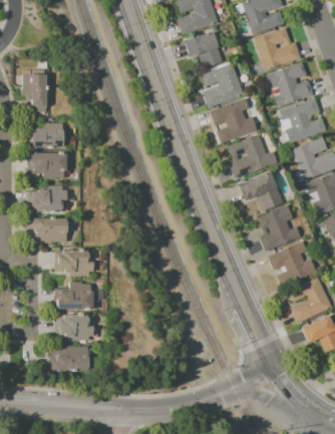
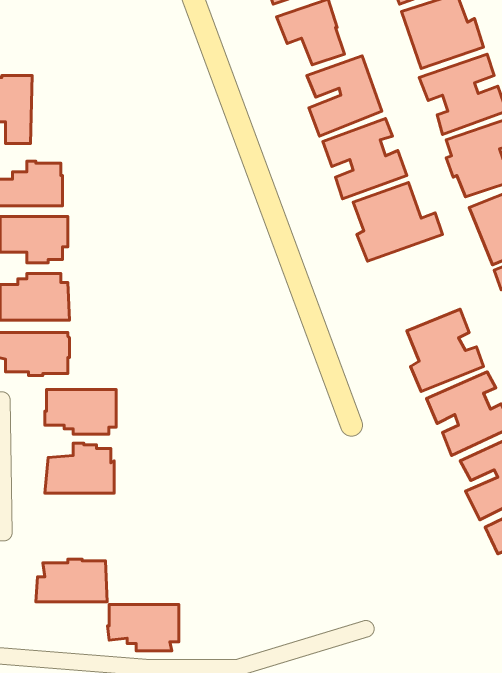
building: [238,171,283,211] -> none
building: [53,315,93,341] -> [108,604,179,651]

